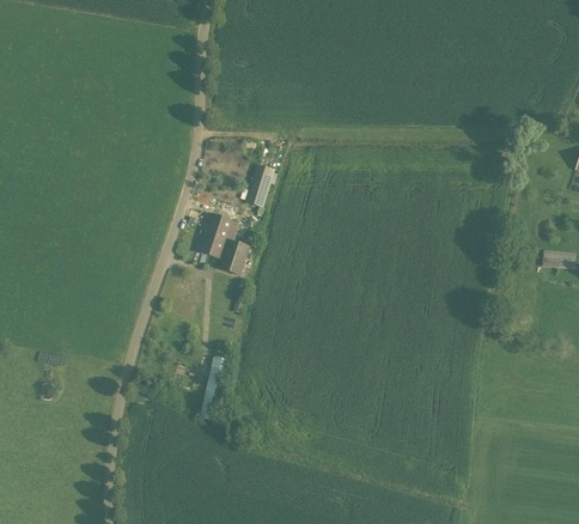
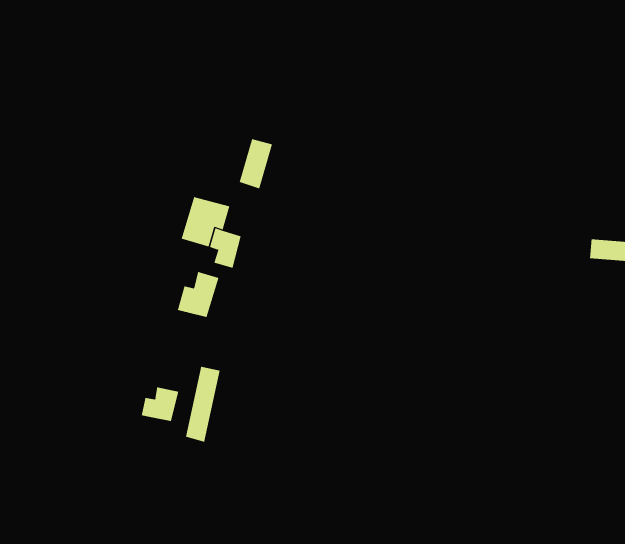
building: none -> [177,271,219,318]
building: none -> [141,386,179,422]

